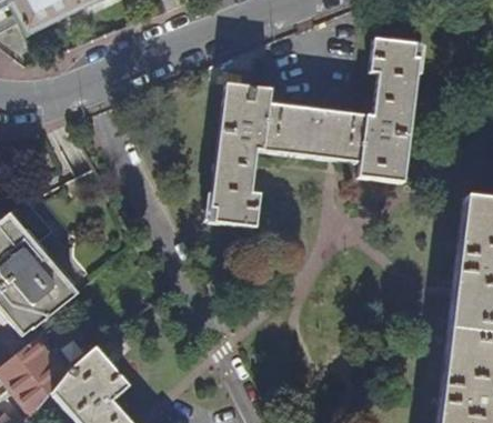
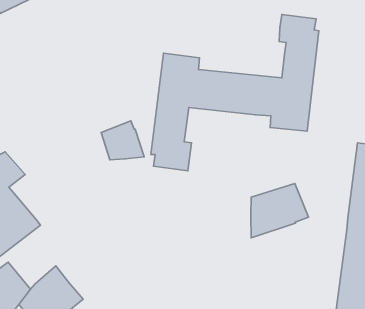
building: none -> [101,121,144,160]
building: none -> [251,183,309,238]

